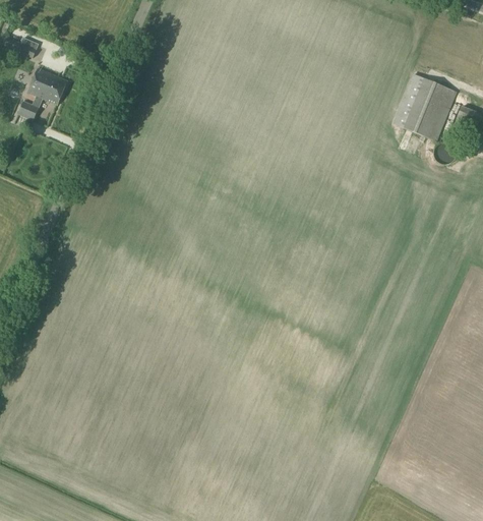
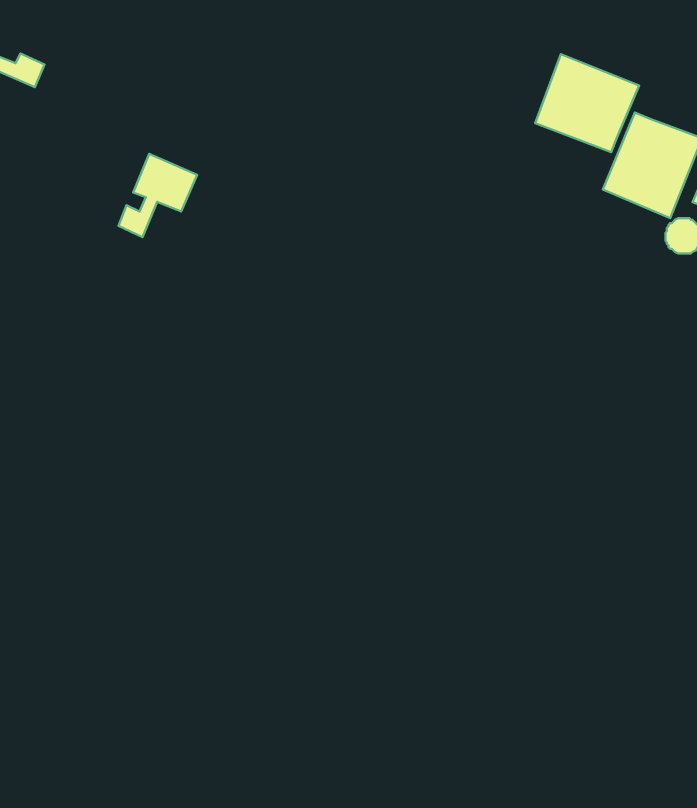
building: none -> [535,54,639,152]
building: [18,67,68,120] -> [119,154,197,237]

